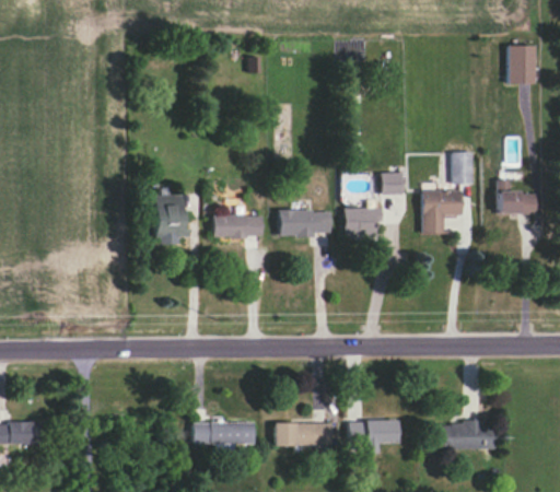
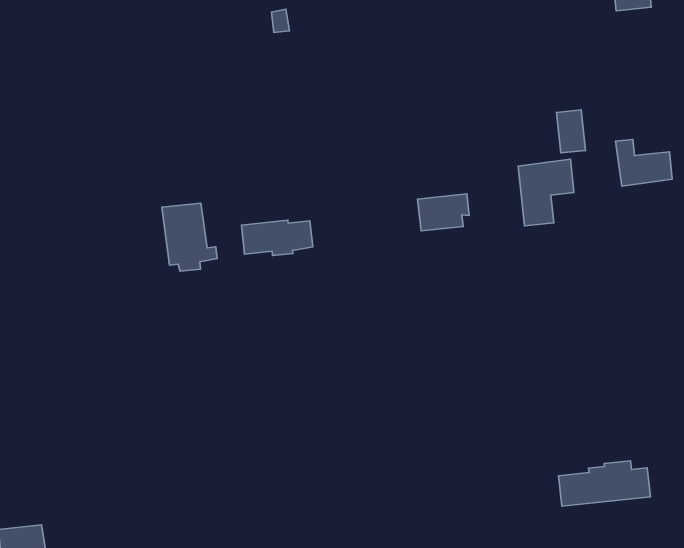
building: [383,175,405,196] -> none
building: [277,209,328,236] -> none
building: [191,421,254,443] -> none
building: [350,421,397,455] -> none
building: [275,422,331,446] -> none

